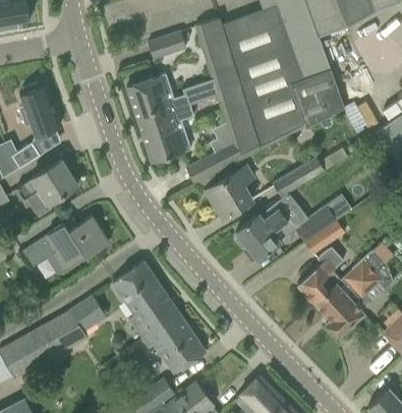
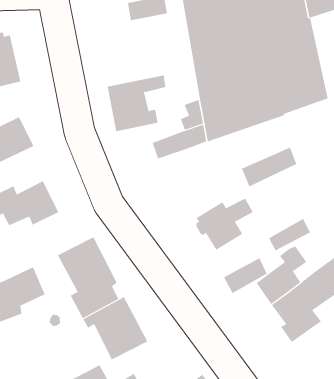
building: [126,76,190,122] -> none
building: [206,166,253,219] -> none
building: [294,206,335,243] -> [223,258,268,294]

